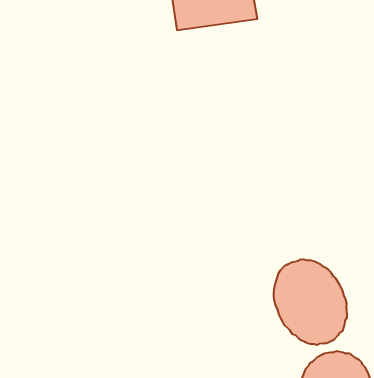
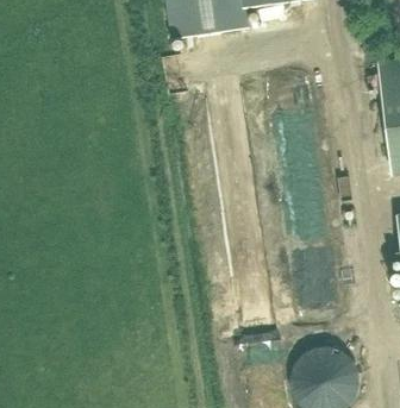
building: [274,259,347,345] -> none

